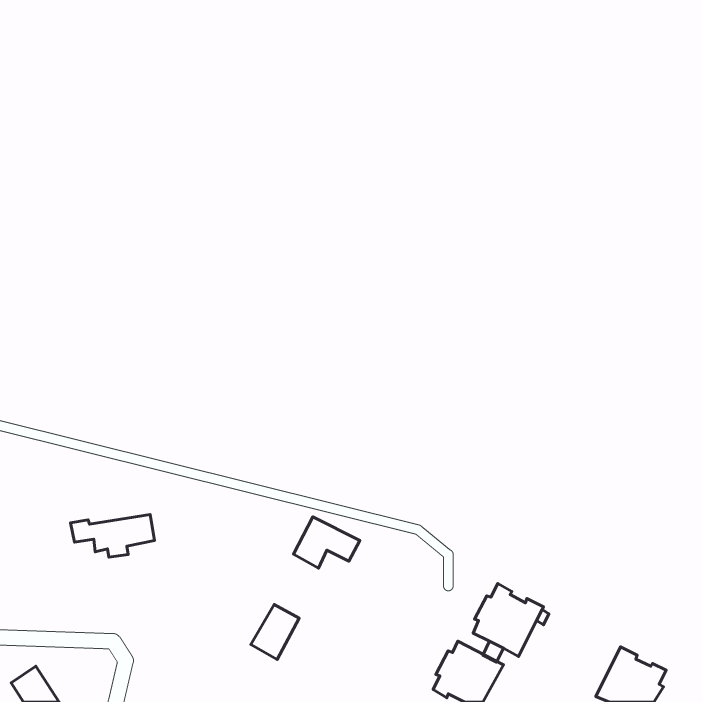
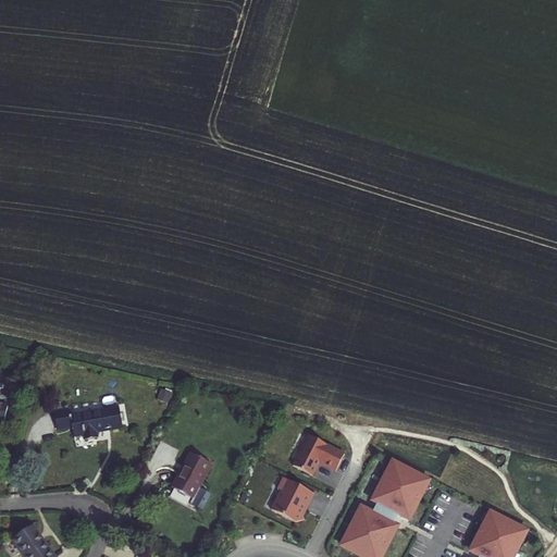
building: [294,517,360,568] -> [293,434,345,474]
building: [251,604,299,660] -> [171,453,209,496]
building: none -> [273,478,313,522]

